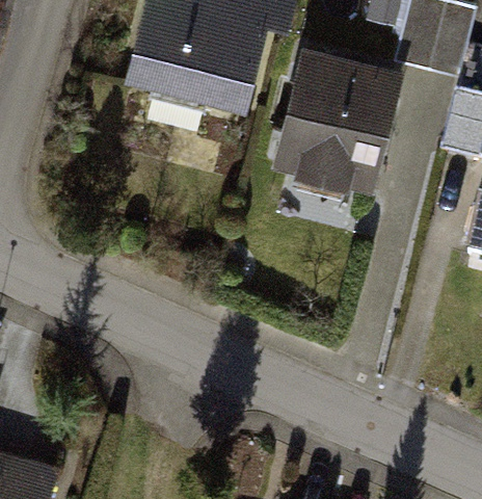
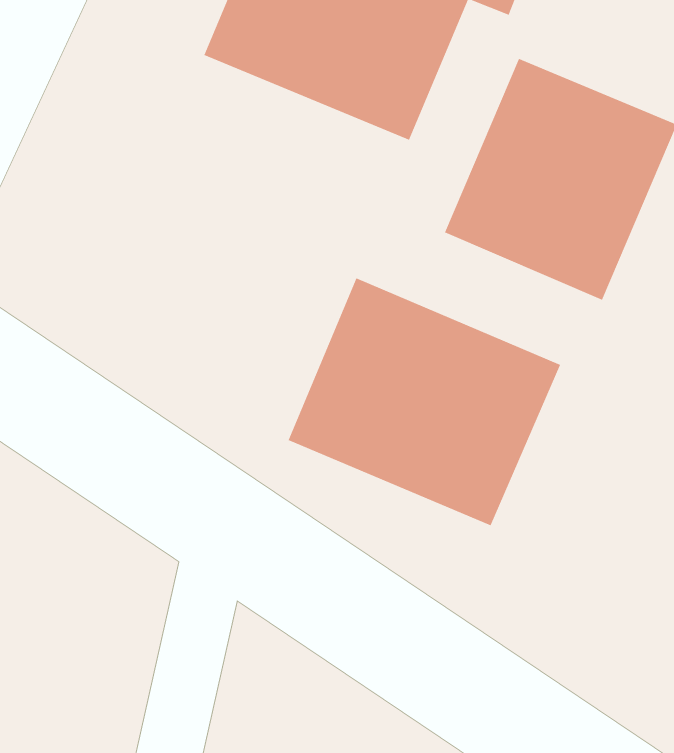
building: none -> [288,277,561,526]

